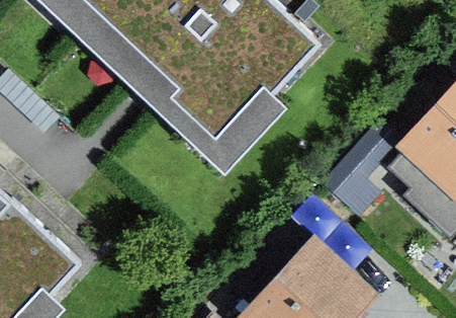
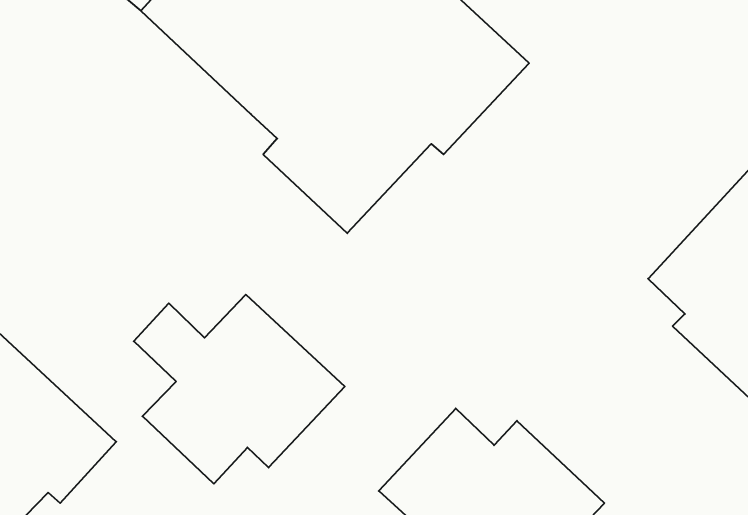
building: none -> [134,295,345,484]

